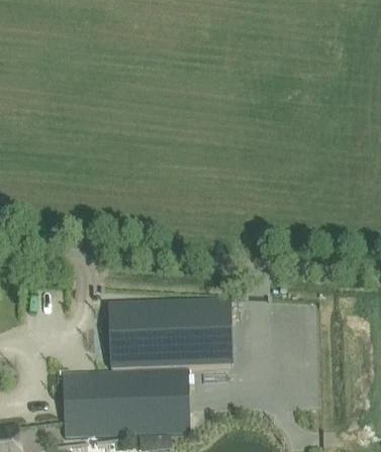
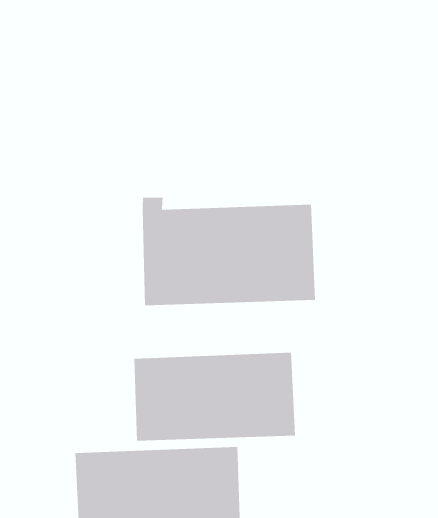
building: none -> [142,197,315,306]

